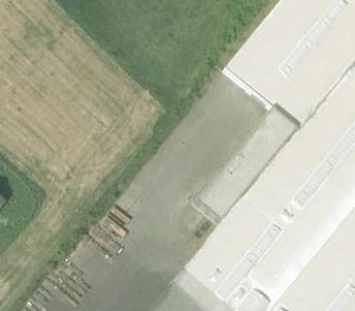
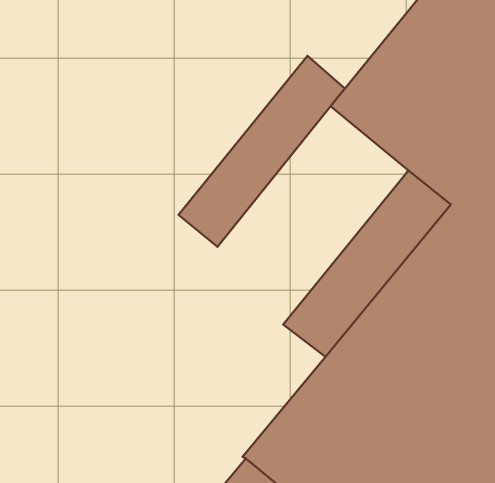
building: none -> [179,56,345,247]

